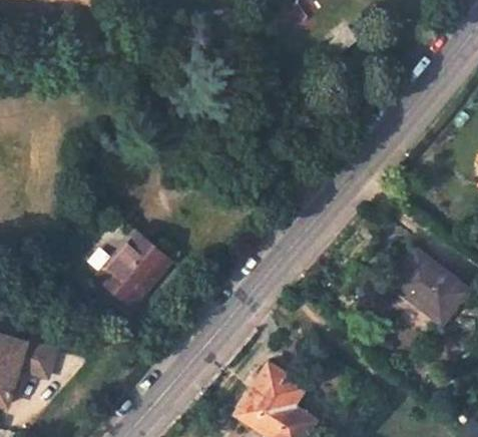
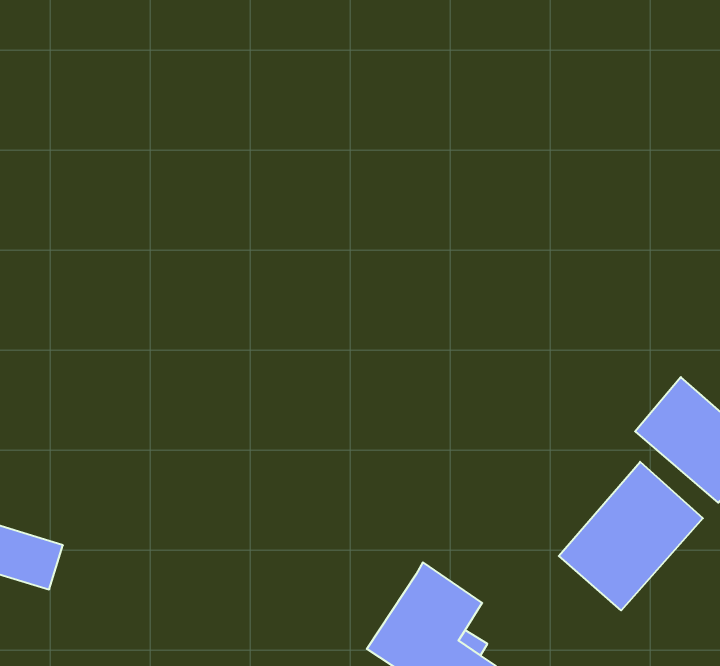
building: [98,230,171,306] -> none
building: none -> [559,462,703,610]

